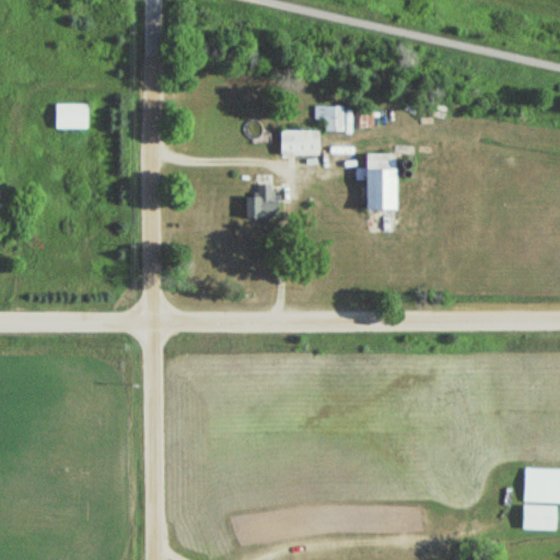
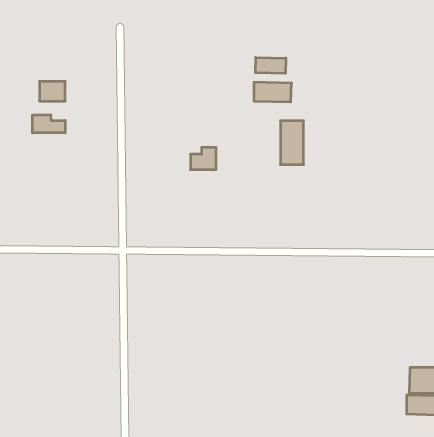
building: none -> [255,57,286,73]
building: [281,130,319,155] -> none
building: none -> [32,115,65,133]

